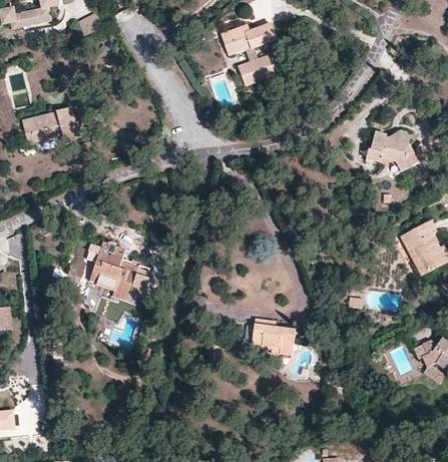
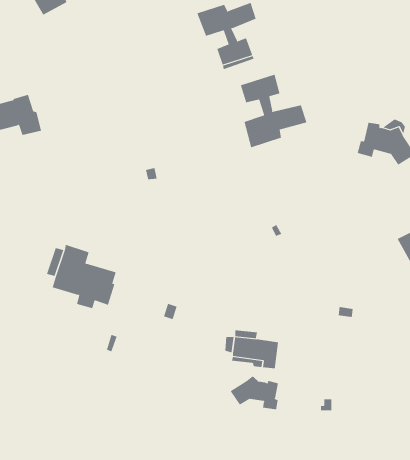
building: none -> [240,74,307,148]
building: none -> [230,375,279,410]

